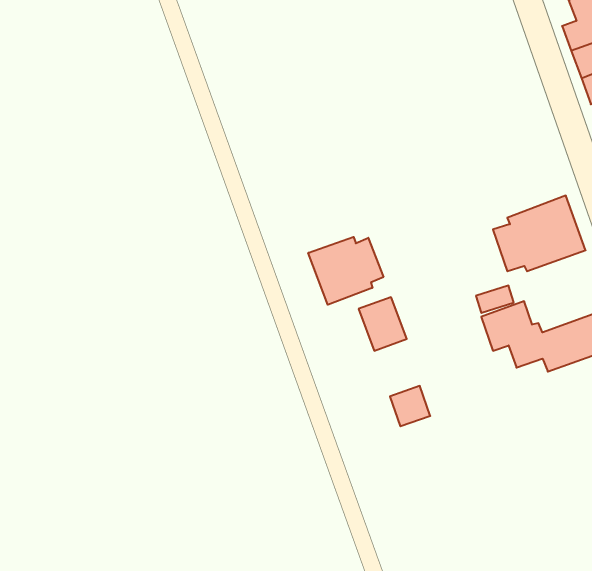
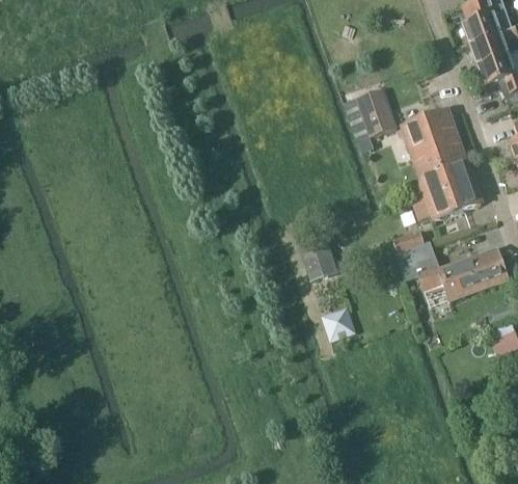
building: none -> [355,88,396,136]
building: none -> [401,108,465,176]
building: [308,237,383,305] -> none

